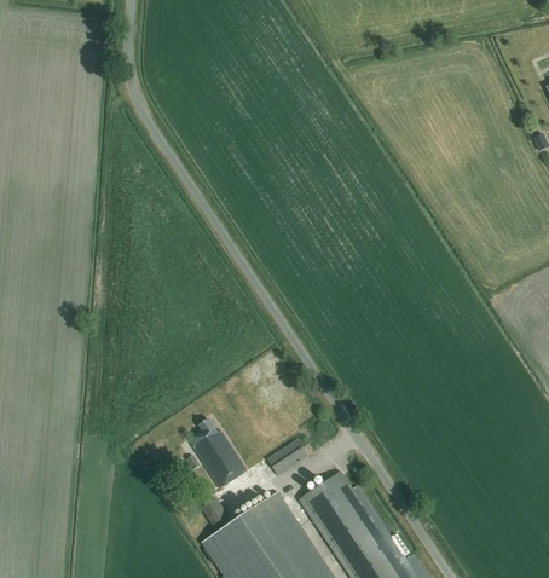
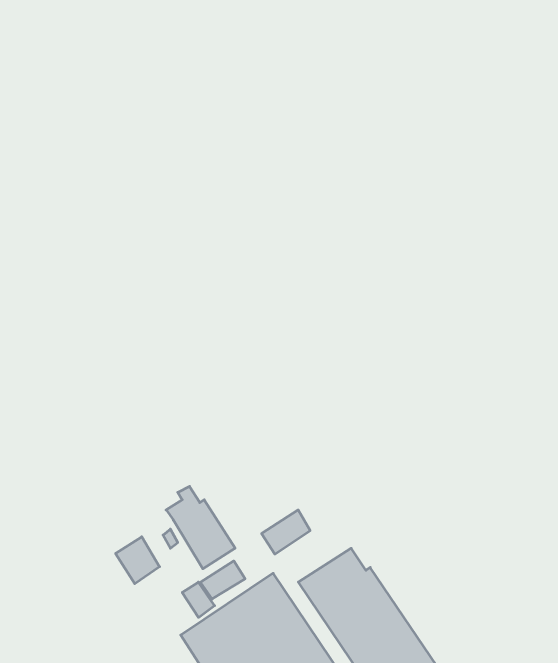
building: none -> [116,537,160,584]
building: none -> [200,561,245,599]

